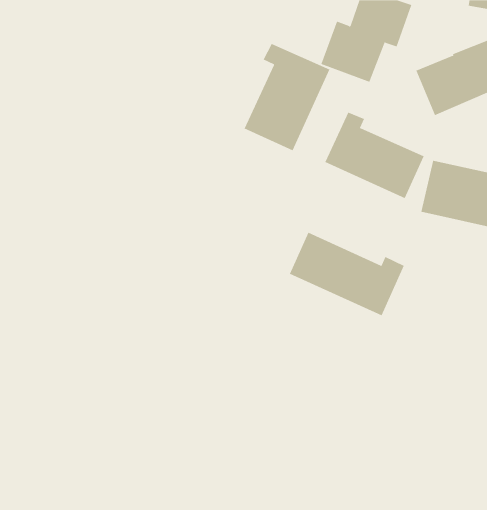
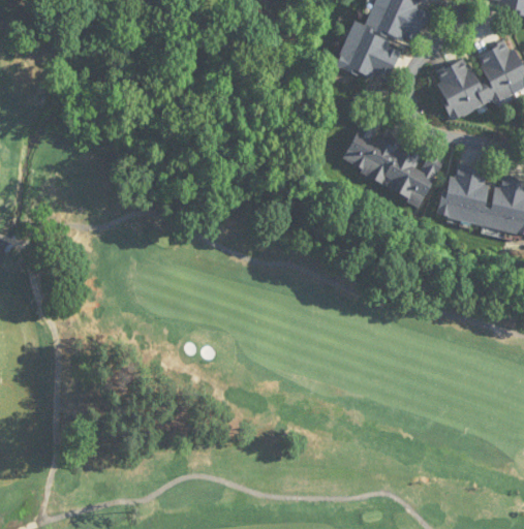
building: [244,43,330,151] -> none
building: [289,232,404,316] -> none

